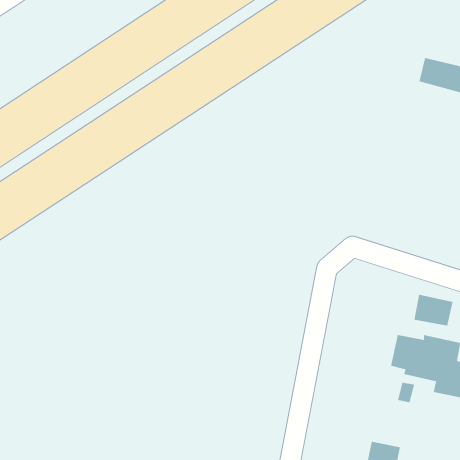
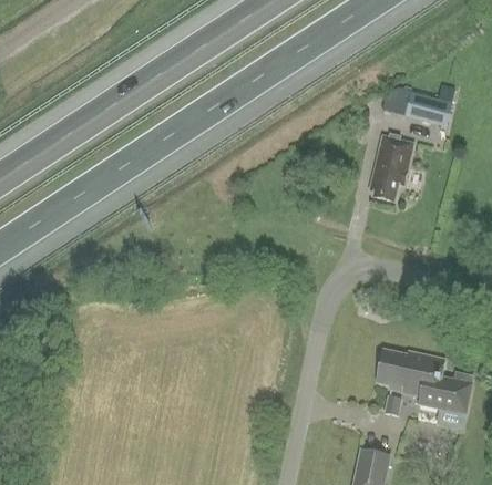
building: none -> [370,136,412,199]
building: [413,294,453,326] -> none

